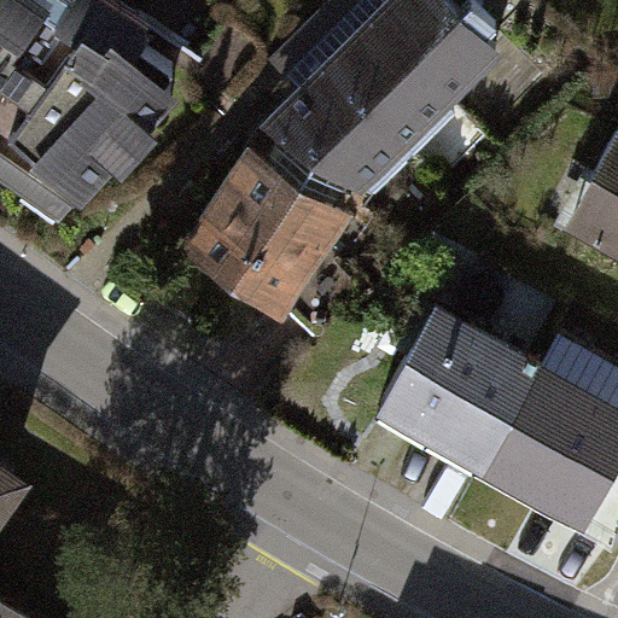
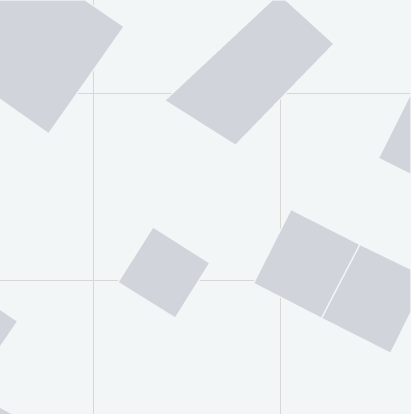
building: [181,151,350,319] -> none
building: none -> [118,227,210,318]

